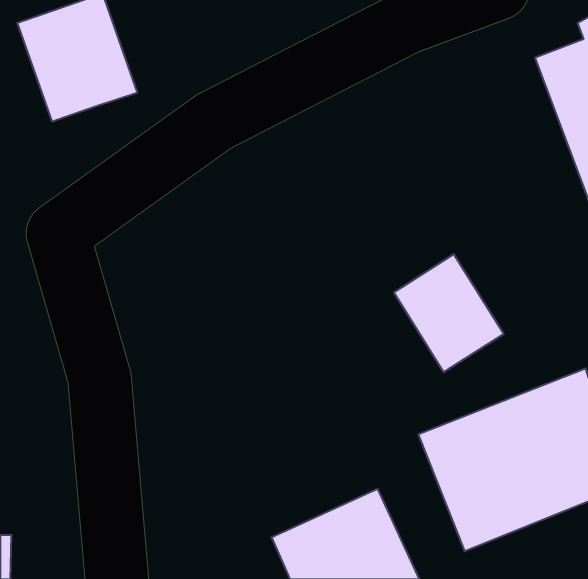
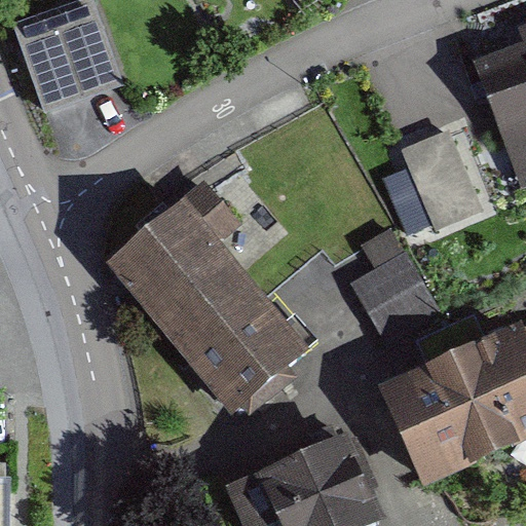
building: none -> [409,127,487,227]
building: none -> [98,196,302,412]

